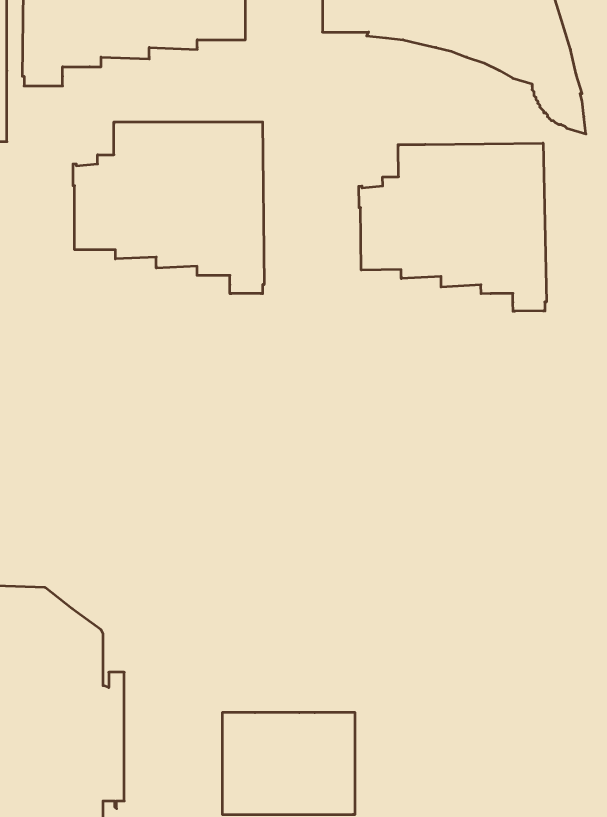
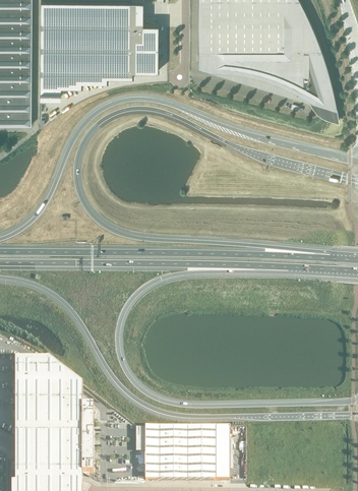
building: [73,122,264,294] -> none
building: [359,143,546,311] -> none

